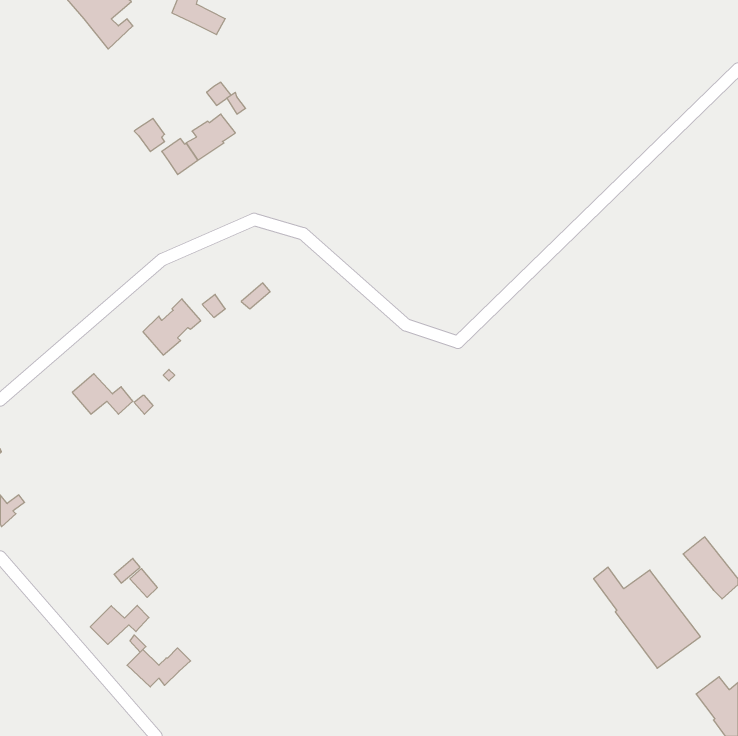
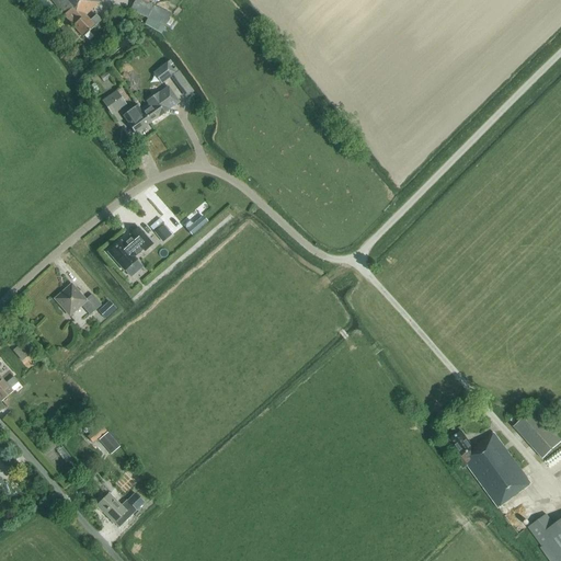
building: [90,605,149,644] -> none

